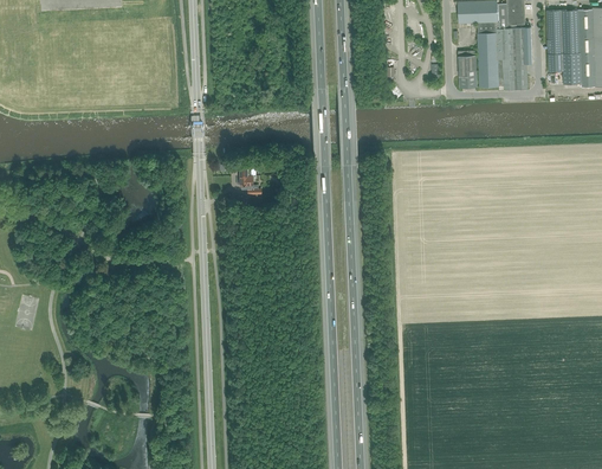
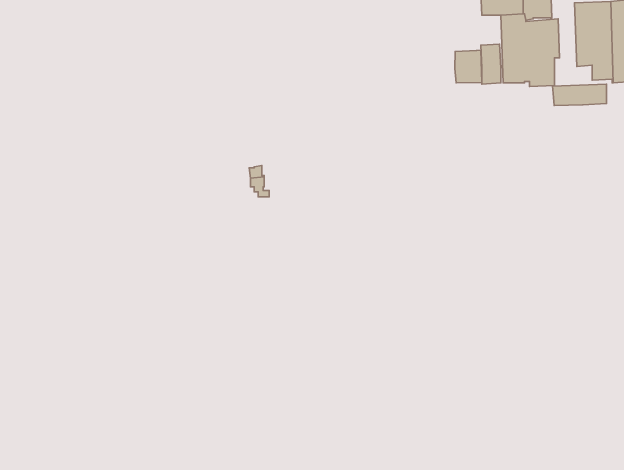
building: none -> [455,50,482,83]
building: none -> [553,84,606,105]

